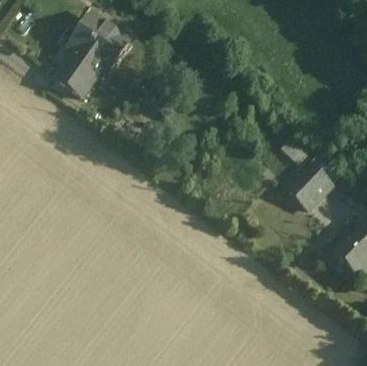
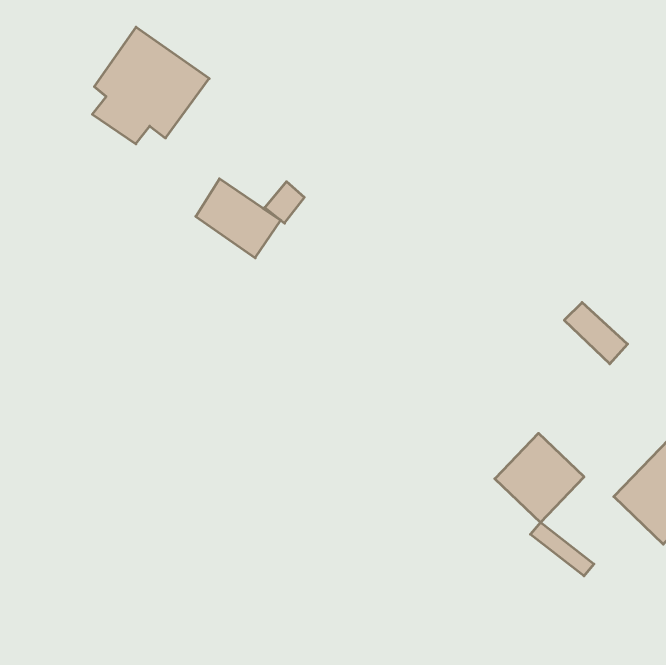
building: [56,58,99,98] -> [196,179,281,258]
building: [285,162,330,208] -> [495,433,584,522]

